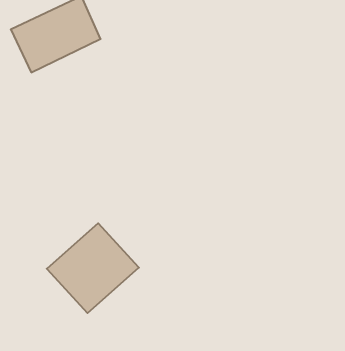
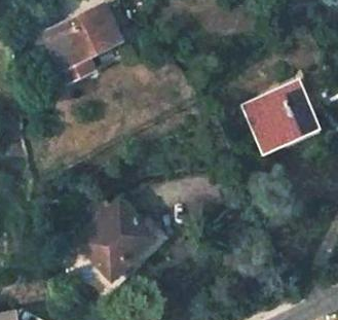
building: none -> [243,81,310,150]

